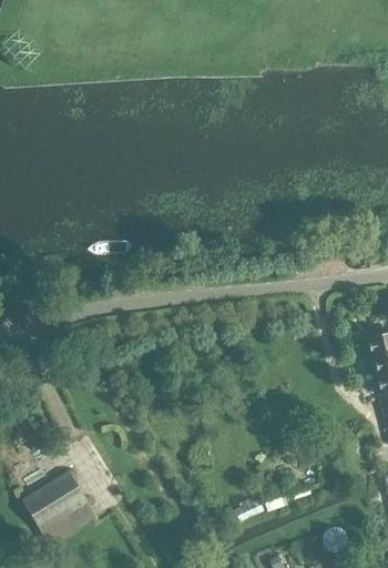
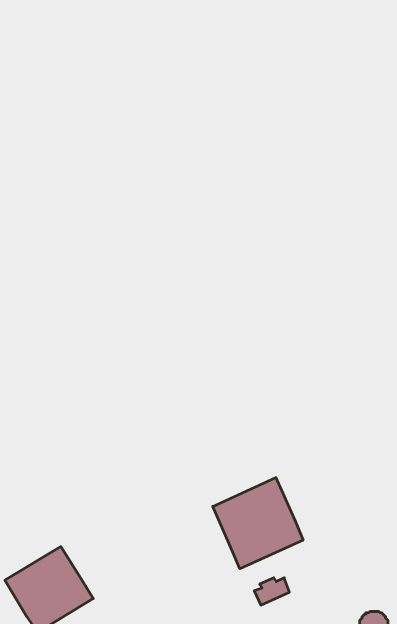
building: none -> [213,478,303,569]

